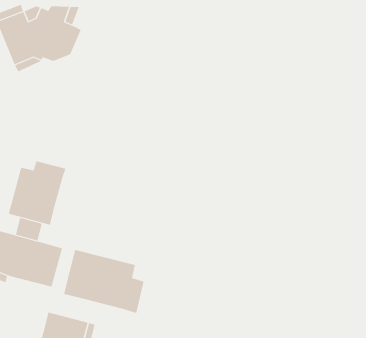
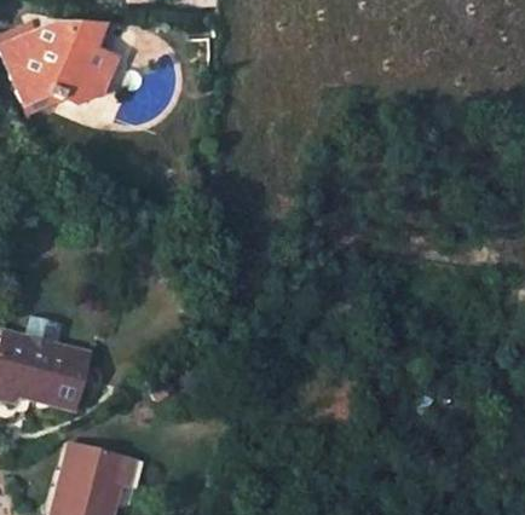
building: [8,161,66,225] -> none
building: [64,249,144,314] -> none

